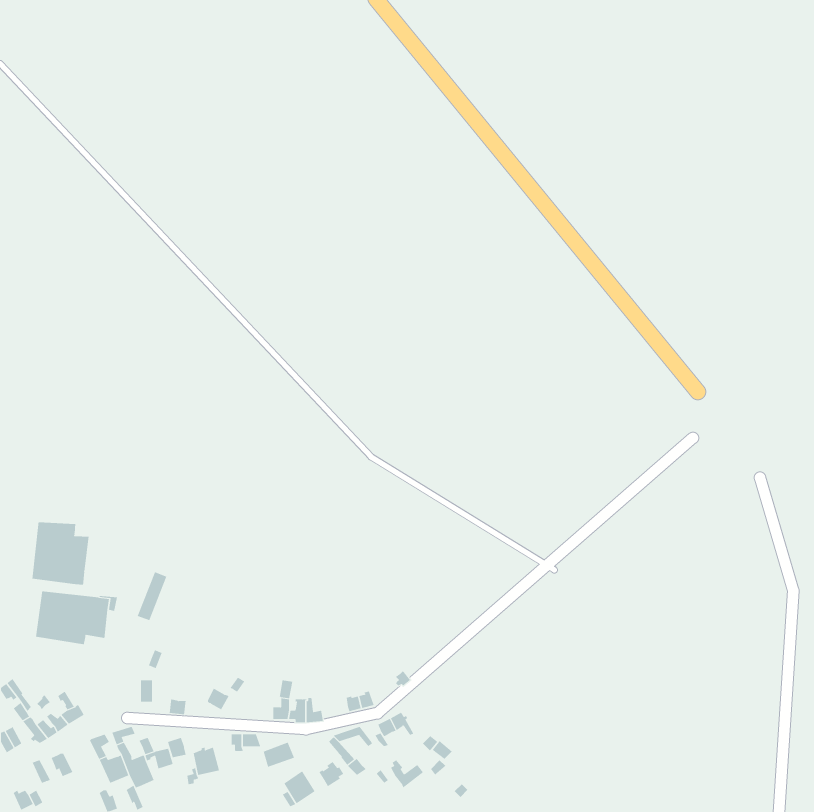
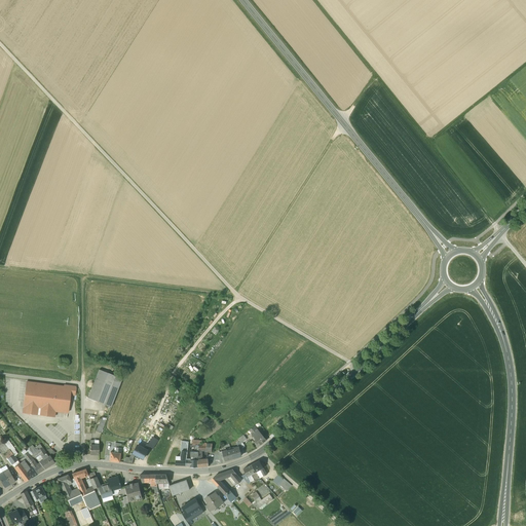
building: [32,522,89,586] -> none
building: none -> [97,372,122,406]

